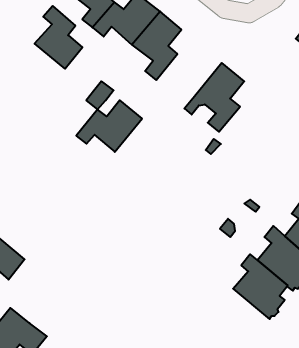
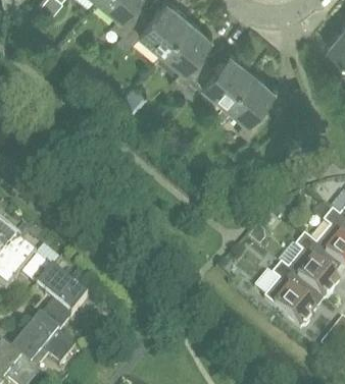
building: [35,6,82,69] -> none
building: [76,100,142,152] -> [185,54,251,106]
building: none -> [36,270,87,334]

